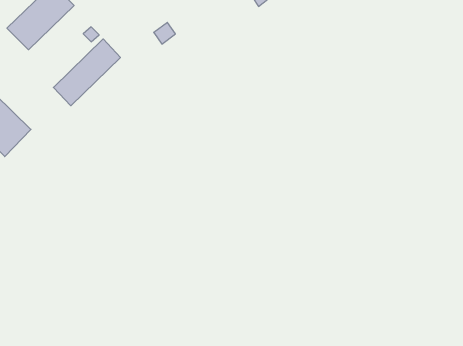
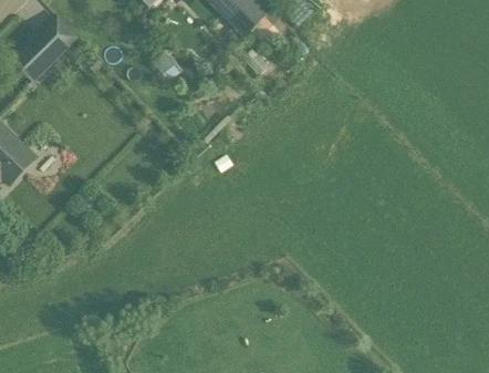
building: [53,39,120,106] -> none

